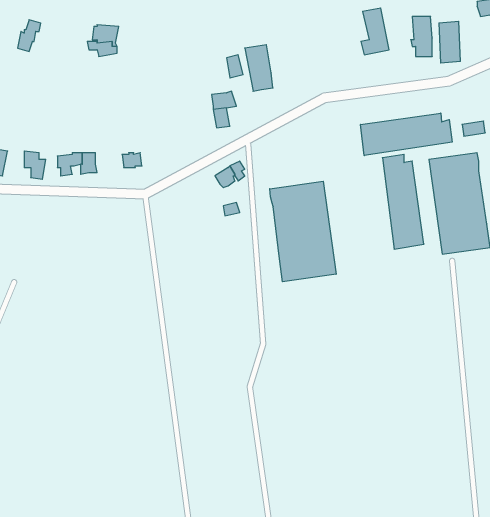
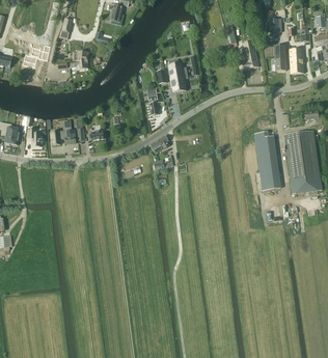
building: [361,113,452,156] -> none
building: [270,181,336,282] -> none

